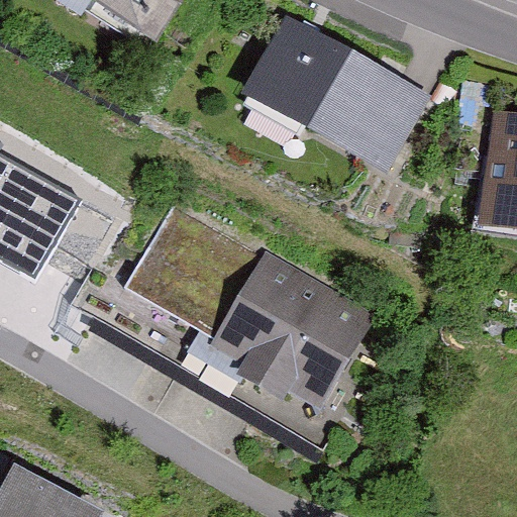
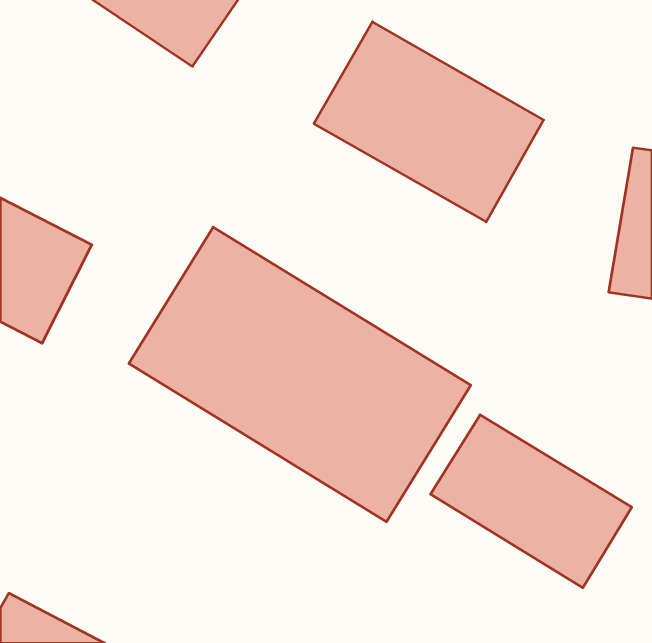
building: none -> [431,415,632,588]

